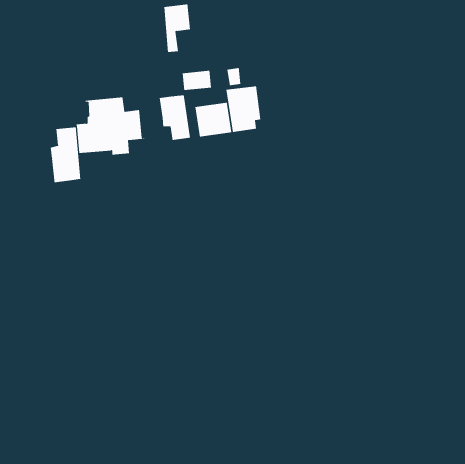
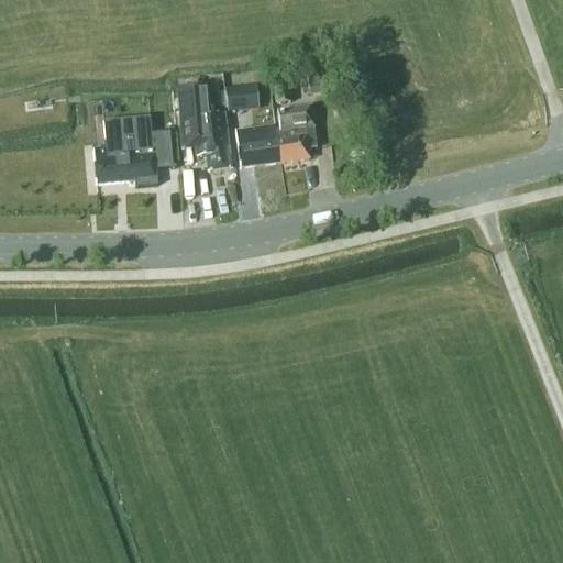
building: [163,4,191,52] -> [178,85,211,143]
building: [50,127,81,183] -> none

